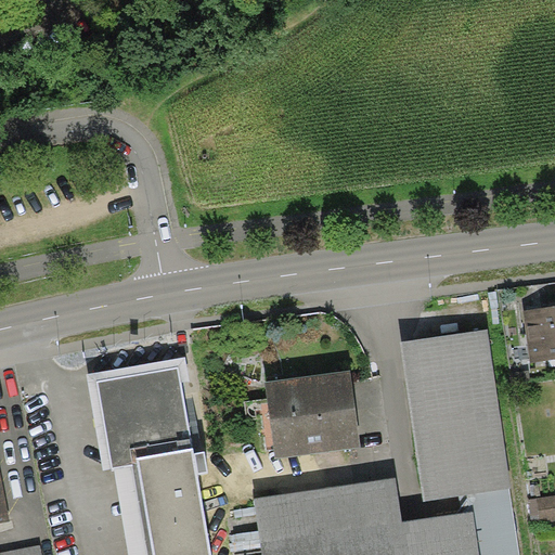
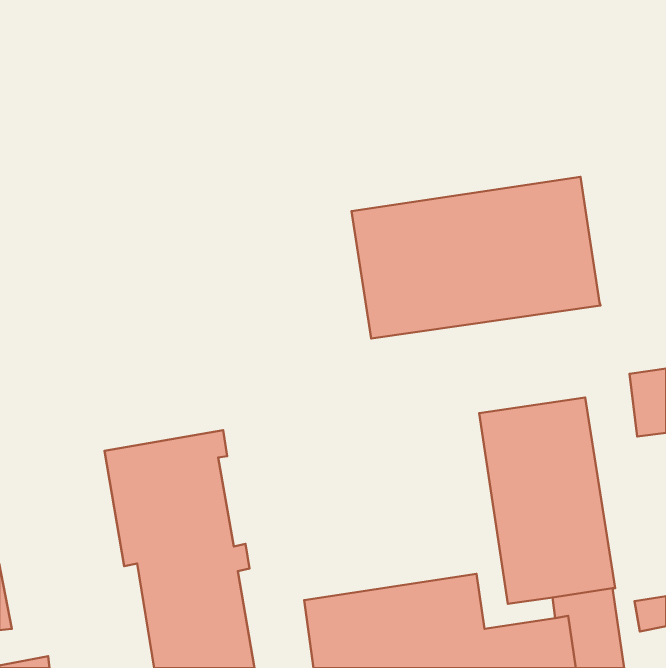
building: none -> [352,177,600,338]
building: [264,370,360,459] -> none

